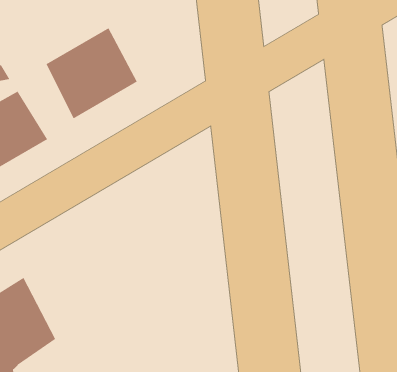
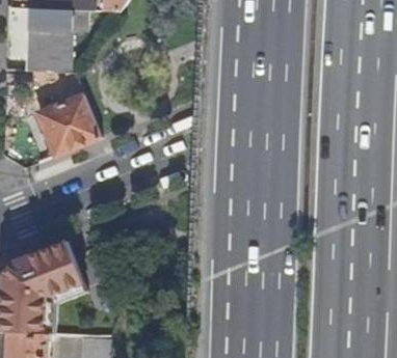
building: [45,27,138,119] -> none

